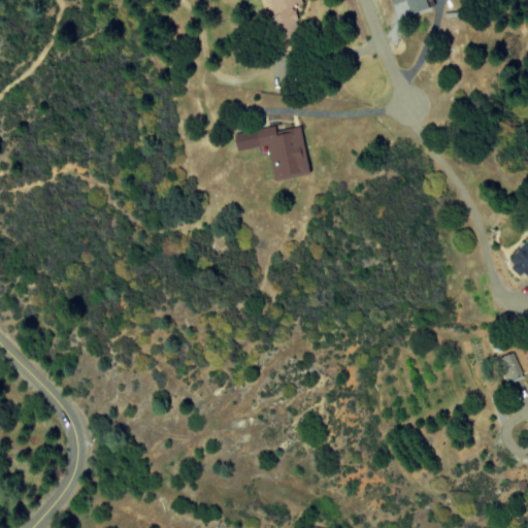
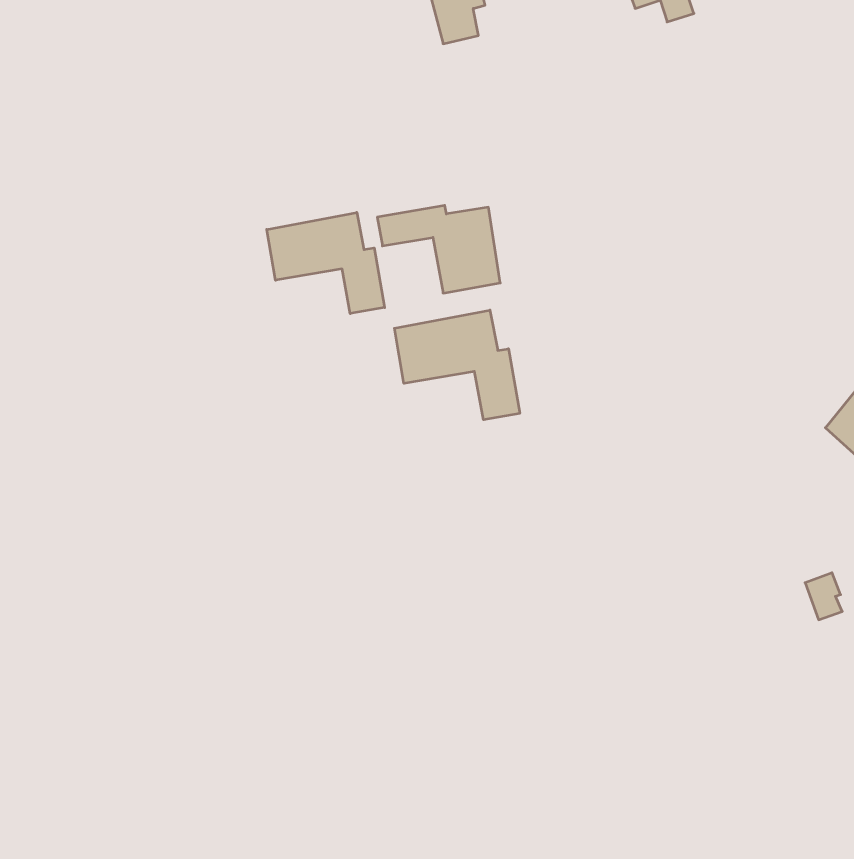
building: none -> [267,212,385,314]
building: none -> [394,310,520,420]

